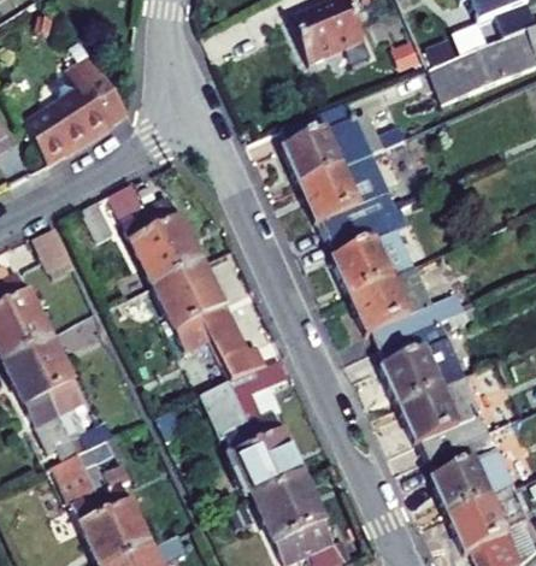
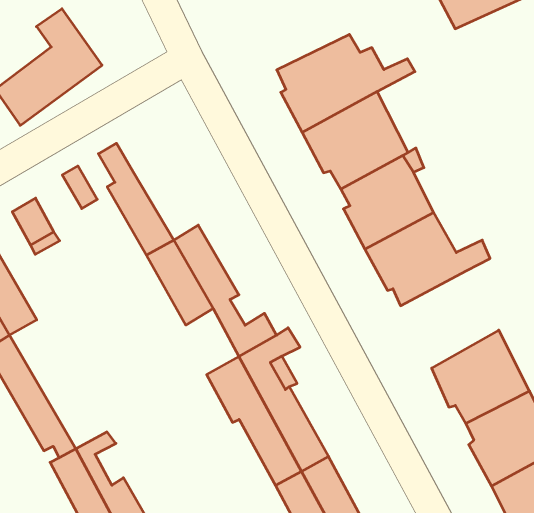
building: [146,200,201,276] -> none
building: [378,320,465,406] -> none
building: [25,340,107,458] -> none

